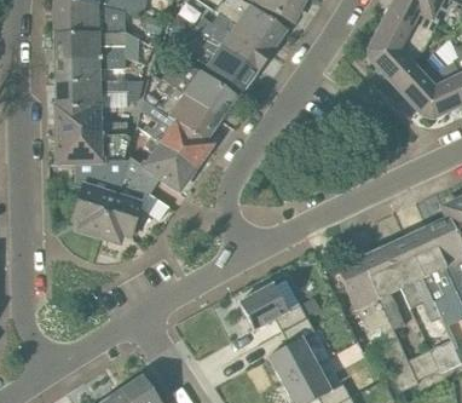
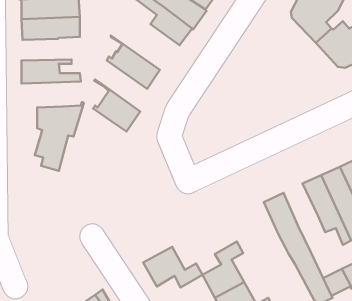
building: [161,62,233,117] -> none
building: [58,79,142,106] -> none
building: [139,98,210,166] -> none
building: [57,131,132,161] -> none
building: [100,156,161,241] -> none
building: [362,249,404,329] -> none
building: [238,284,307,332] -> [143,247,202,287]

